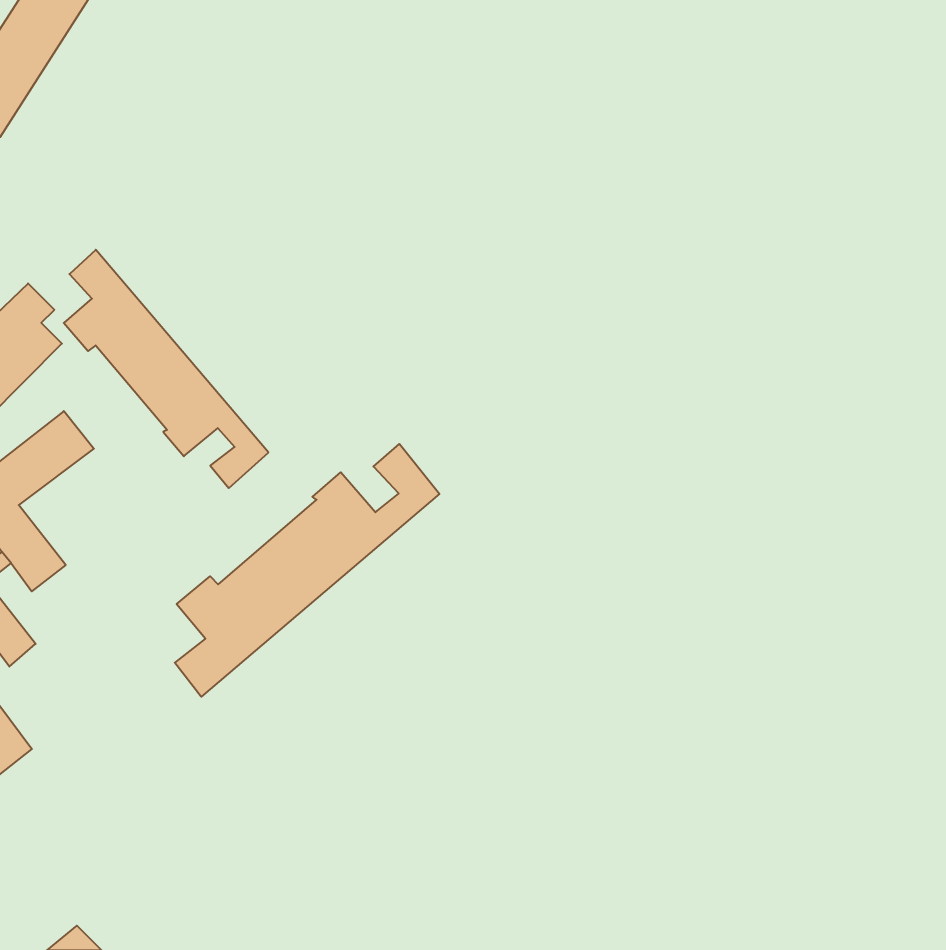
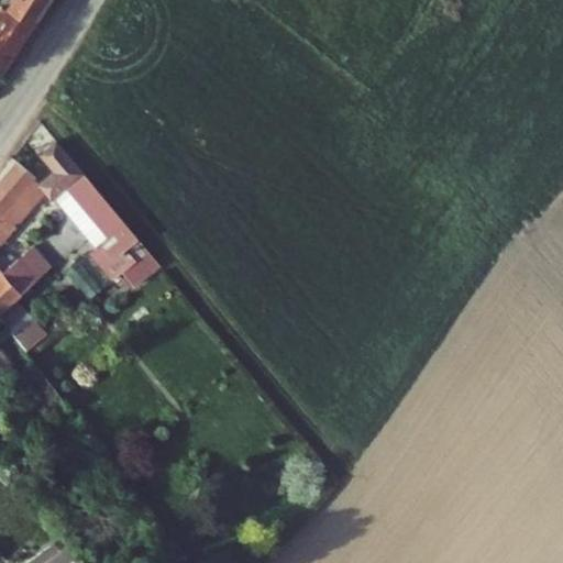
building: [175,444,439,697] -> none

